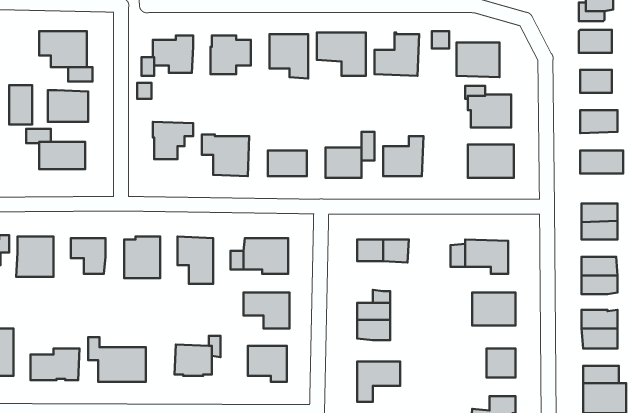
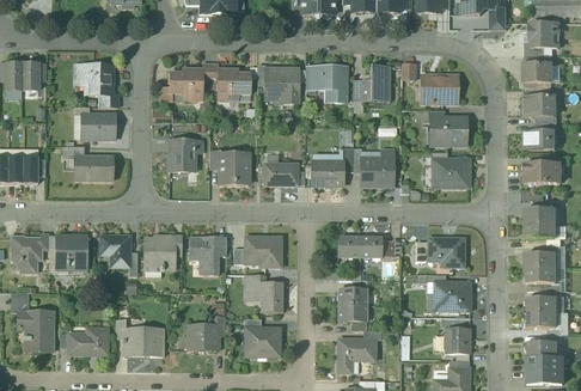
building: [9,85,32,124] -> none

